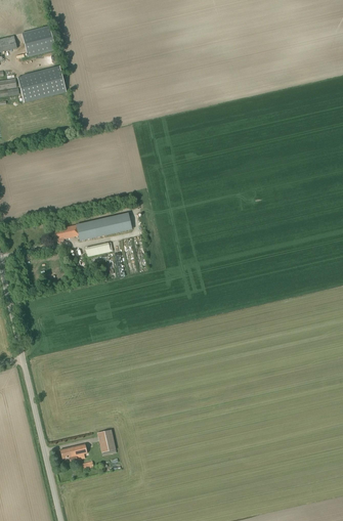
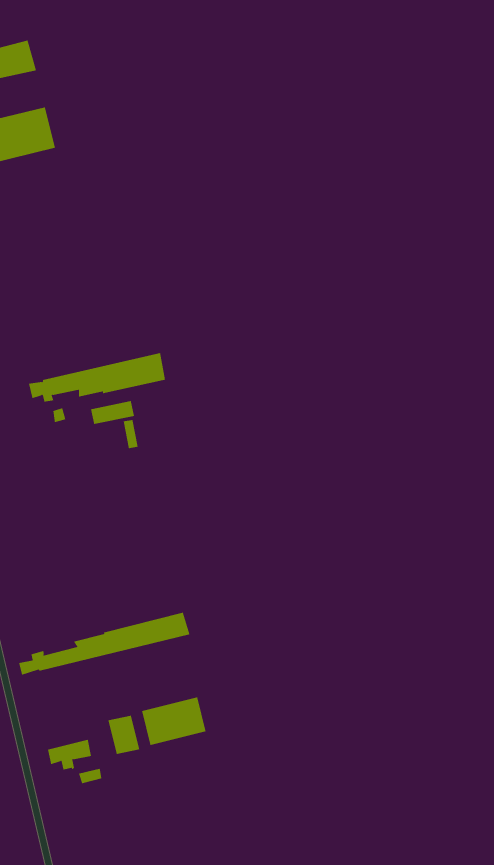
building: none -> [19,612,190,676]
building: none -> [141,696,206,746]

